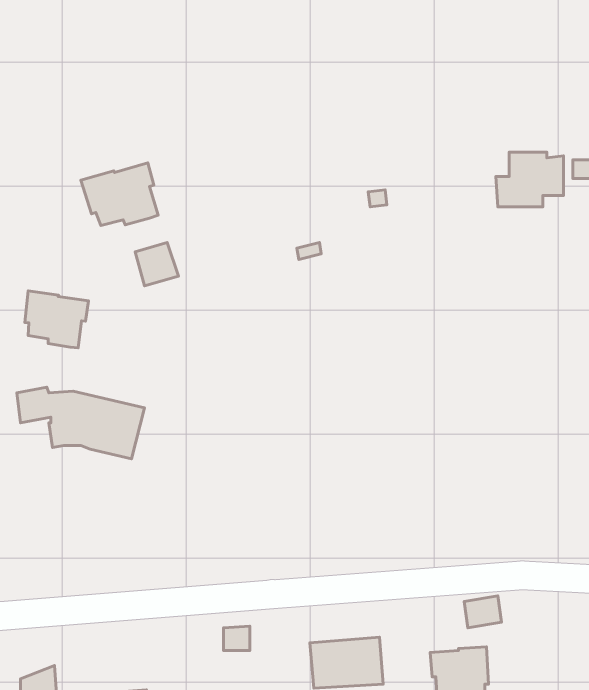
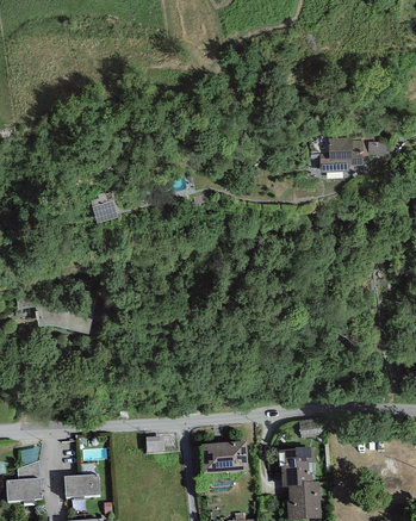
building: [81,163,158,226] -> none
building: [25,291,88,348] -> none

